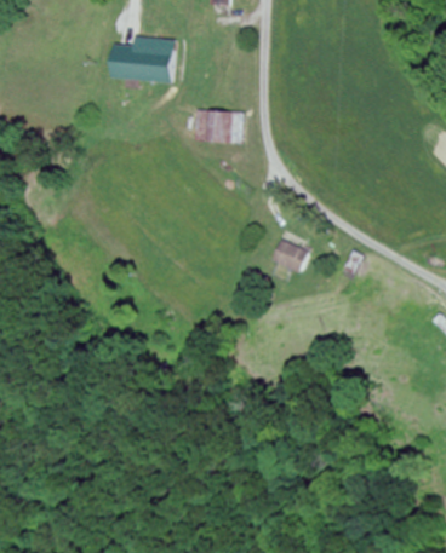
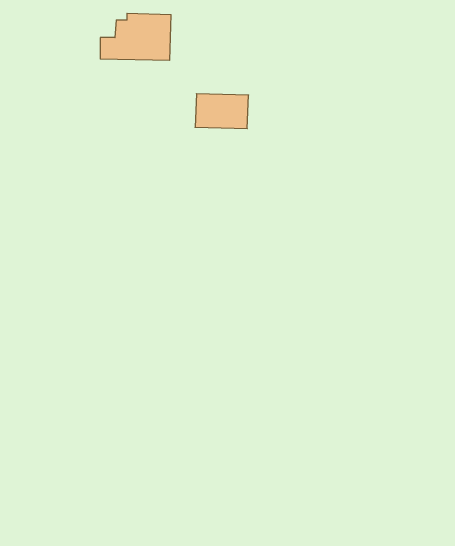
building: [270,240,307,272] -> none

